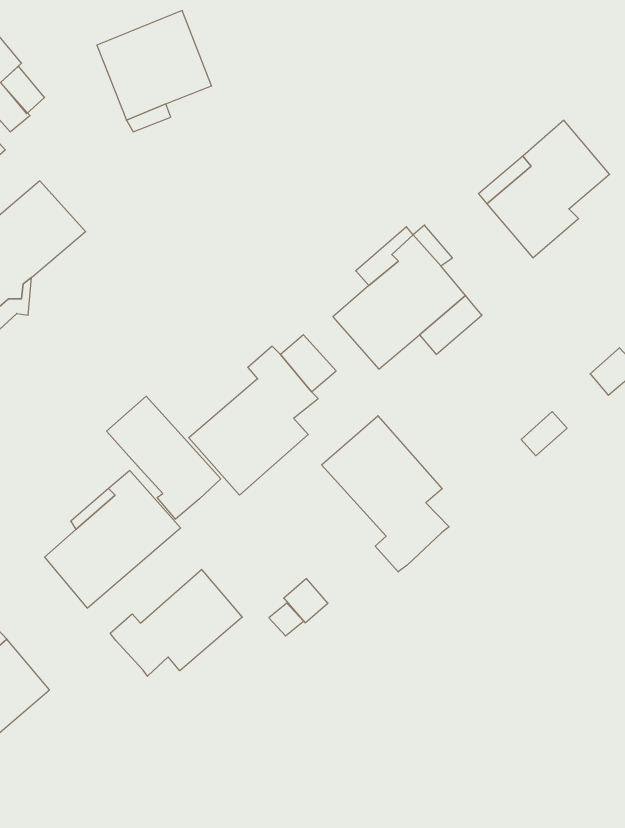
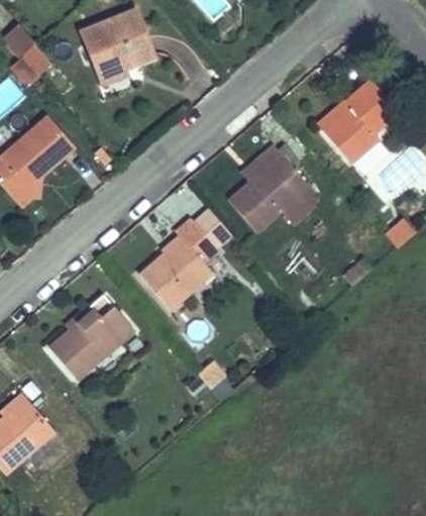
building: [107,396,221,519] -> none
building: [322,416,449,572] -> none
building: [110,569,242,676] -> none

